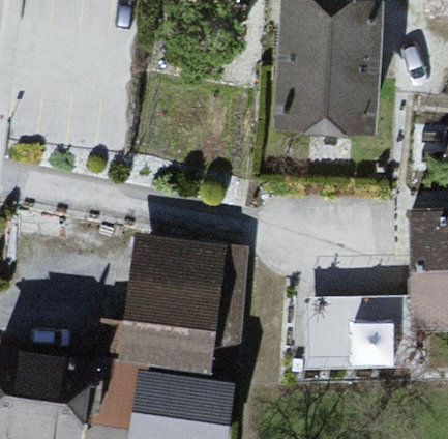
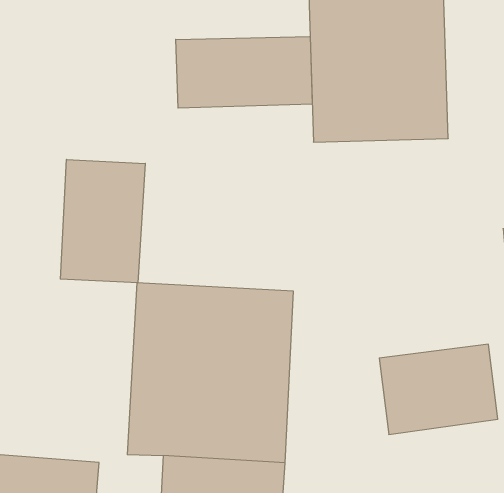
building: none -> [176,36,312,108]
building: none -> [60,159,145,283]

